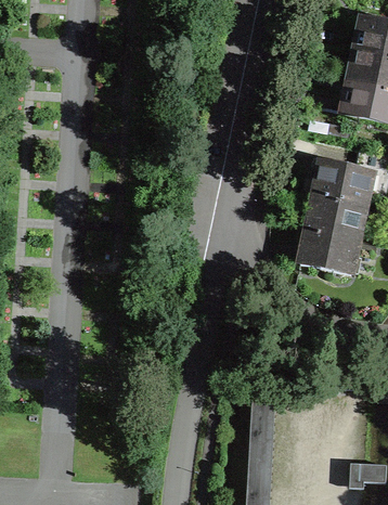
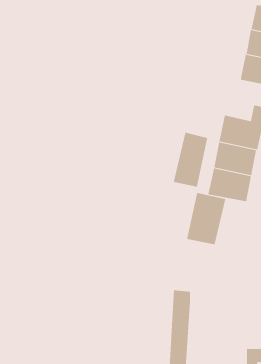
building: none -> [173,132,208,187]
building: none -> [187,192,226,245]

